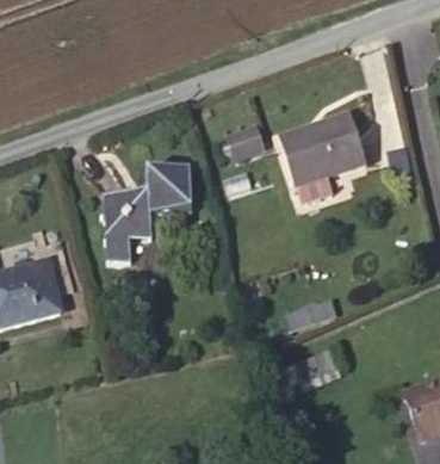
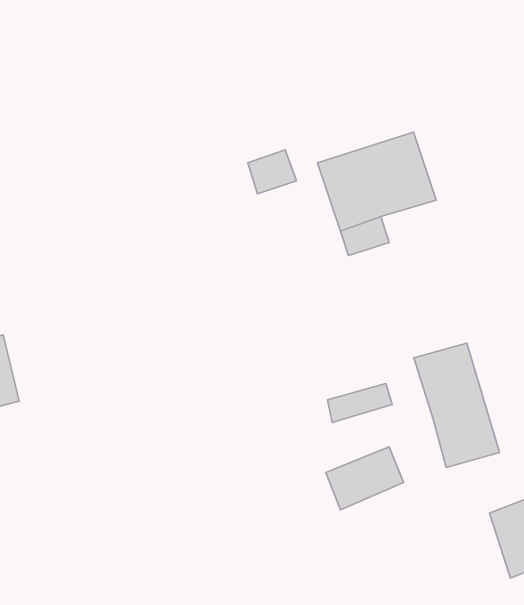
building: [103,169,191,264] -> none
building: none -> [414,343,499,467]

